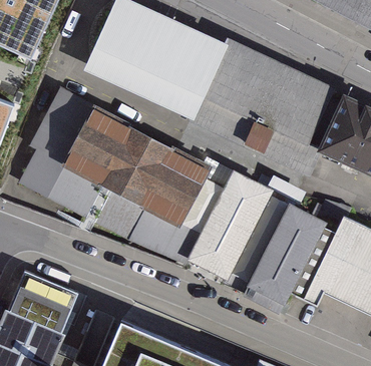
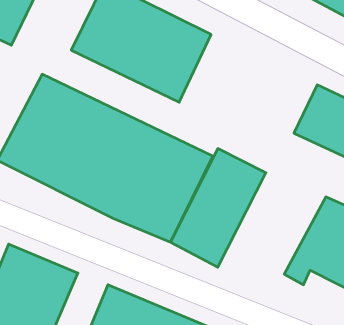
building: [199,49,342,171] -> none
building: [239,193,332,313] -> none

